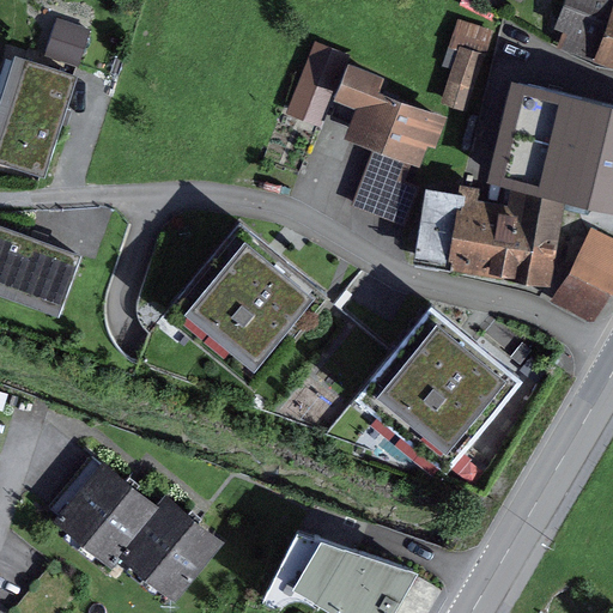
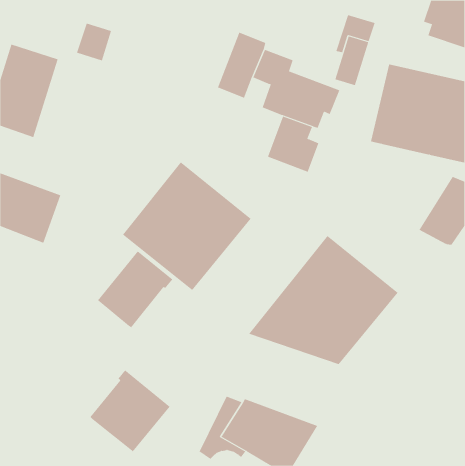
building: [43,19,90,69] -> [76,23,112,61]
building: [412,189,564,289] -> none
building: none -> [97,250,173,328]
building: [50,455,157,563] -> none

